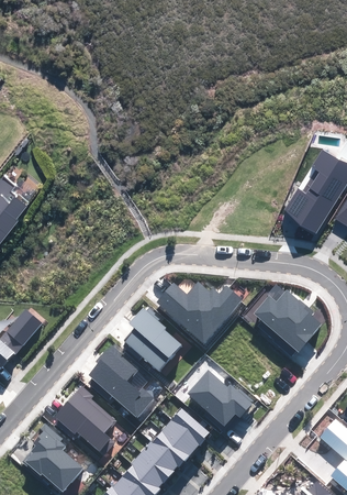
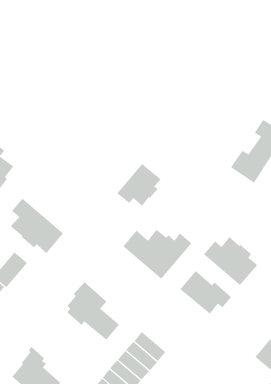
building: none -> [116,163,161,207]
building: none -> [10,198,64,254]
building: [123,309,179,371] -> none
building: [187,372,250,426] -> [179,270,232,314]
building: [54,387,115,455] -> none

